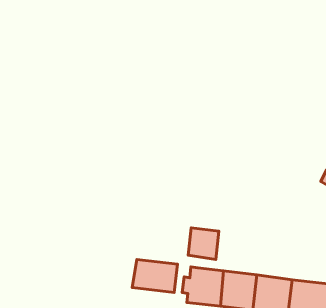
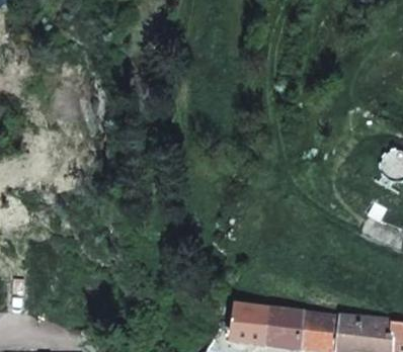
building: [188,228,219,259] -> none
building: [132,260,178,292] -> none

